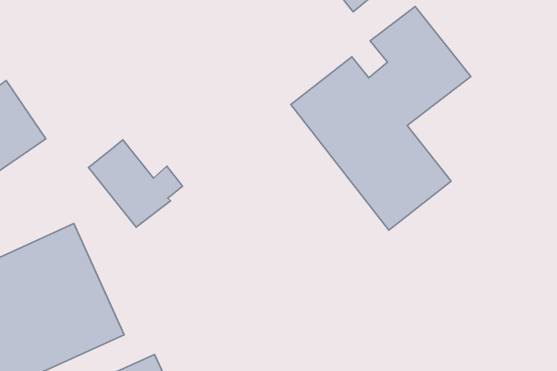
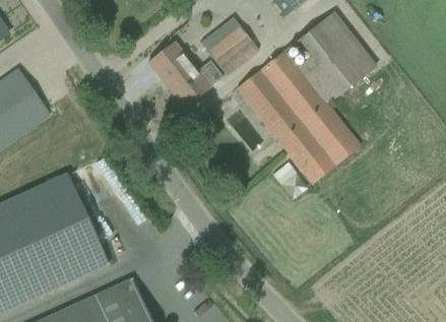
building: none -> [206,26,257,75]
building: [89,140,183,227] -> [146,42,218,109]

